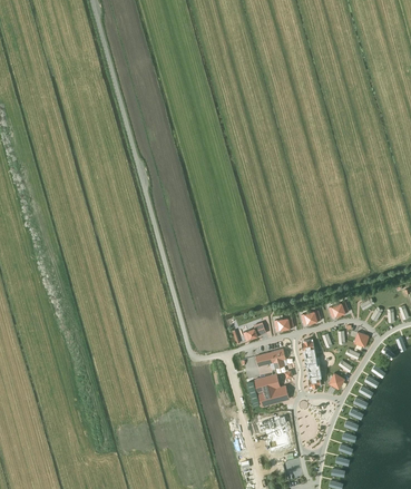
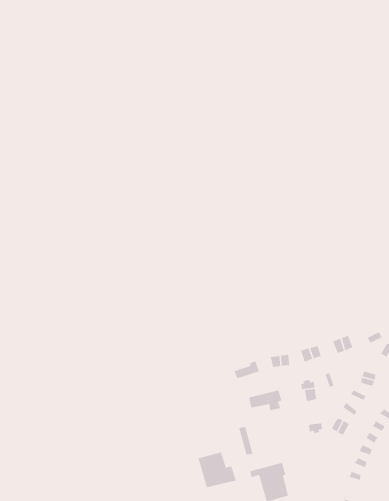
building: [254,373,288,405] -> [197,452,237,488]

